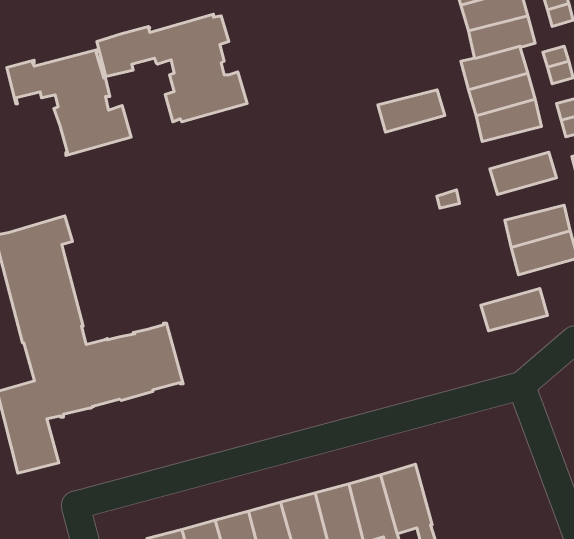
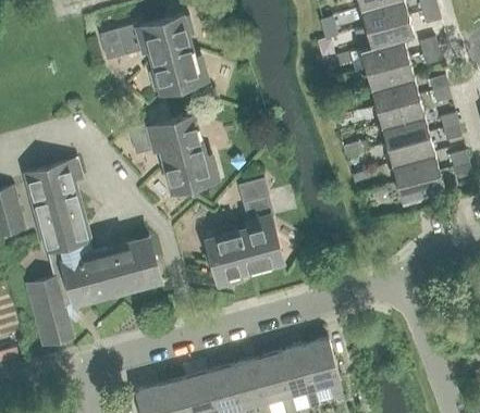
building: [7,49,131,155] -> [128,115,218,191]
building: [378,90,445,132] -> [376,96,423,126]
building: none -> [206,178,282,286]
building: [481,288,548,331] -> [386,133,434,163]

